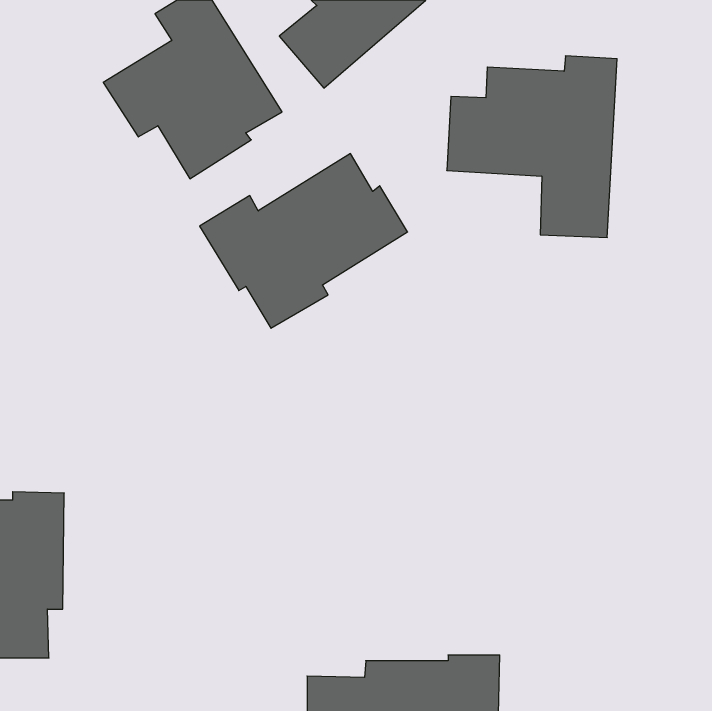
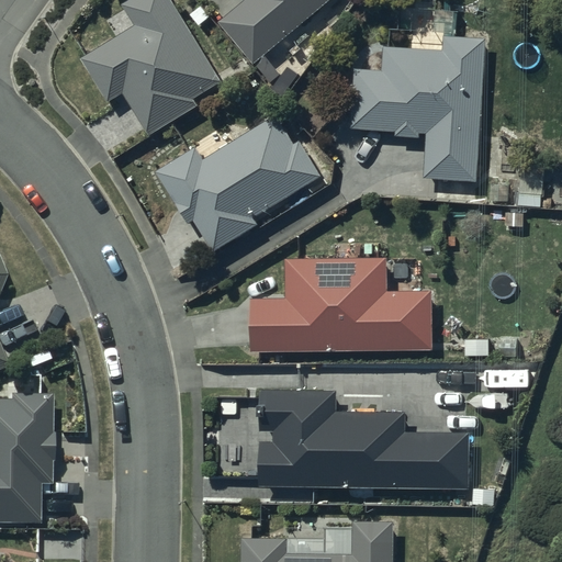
building: none -> [251,252,432,347]
building: none -> [260,386,468,482]

